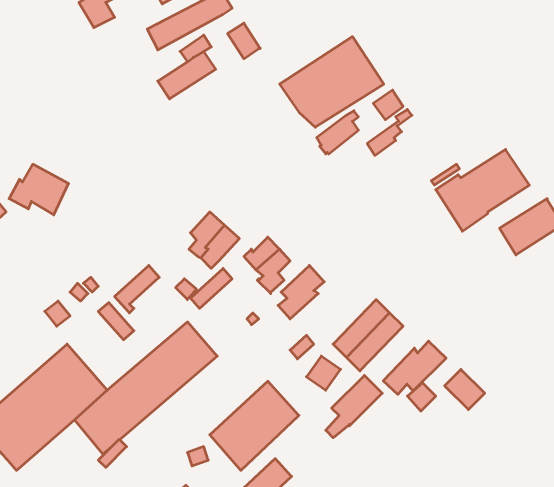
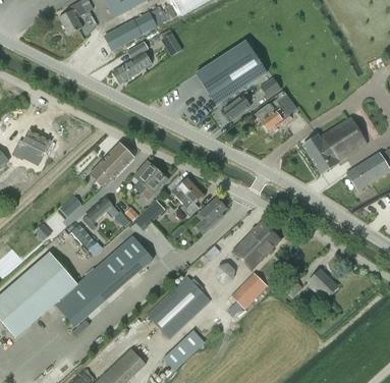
building: none -> [261,94,296,129]
building: none -> [90,142,133,186]
building: [383,341,446,394] -> none

